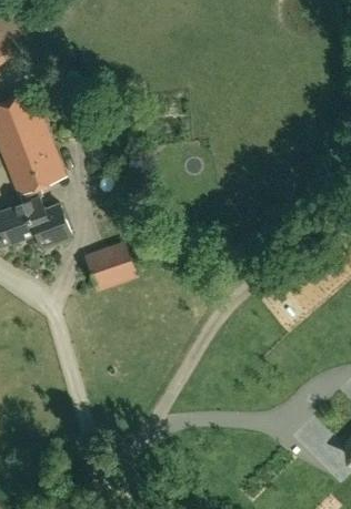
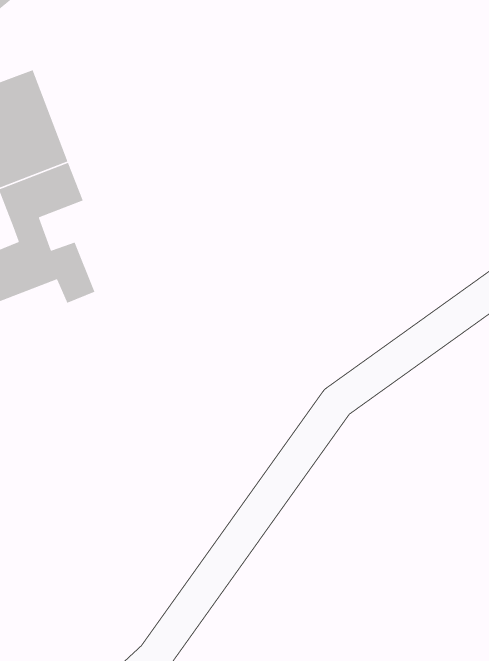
building: [89,255,134,289] -> none

